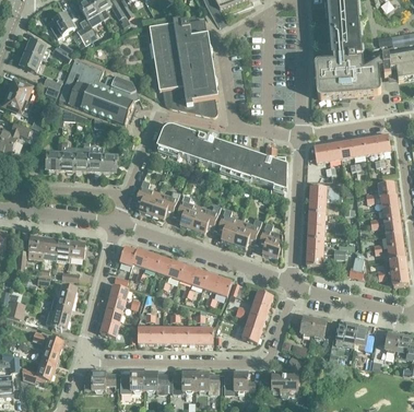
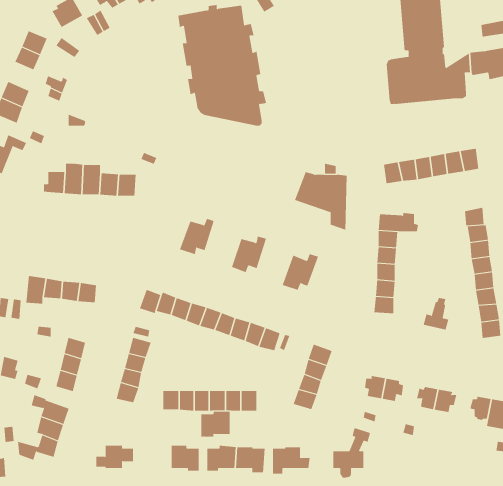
building: [68,57,139,125] -> none
building: [156,125,251,175] -> none
building: [134,179,159,214] -> none
building: [176,193,200,228] -> none
building: [216,208,241,243] -> none
building: [258,221,282,258] -> none
building: [120,370,144,391] -> [200,411,231,437]

